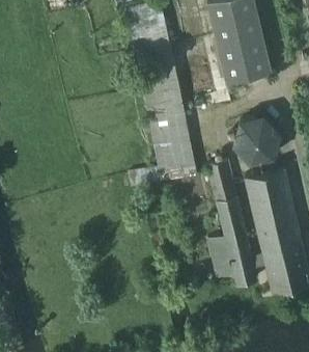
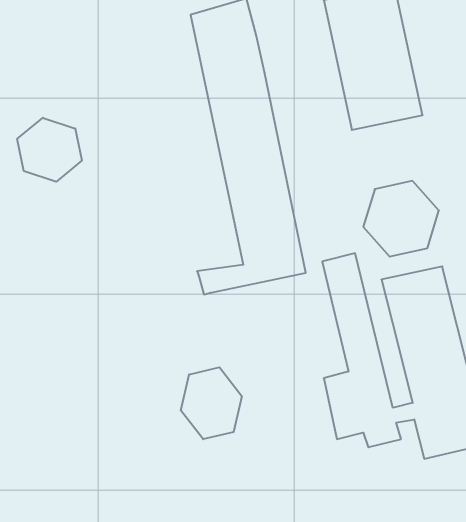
building: none -> [17,118,82,182]
building: none -> [181,367,242,439]

